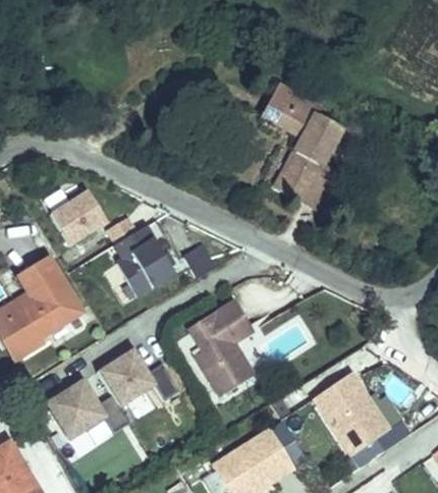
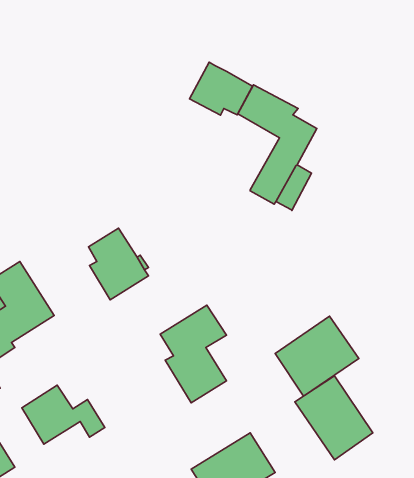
building: none -> [189,62,253,115]
building: [40,188,105,248] -> none
building: none -> [275,316,359,396]
building: [98,348,180,406] -> none

